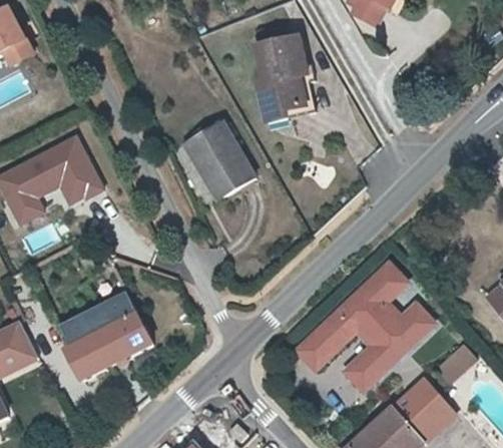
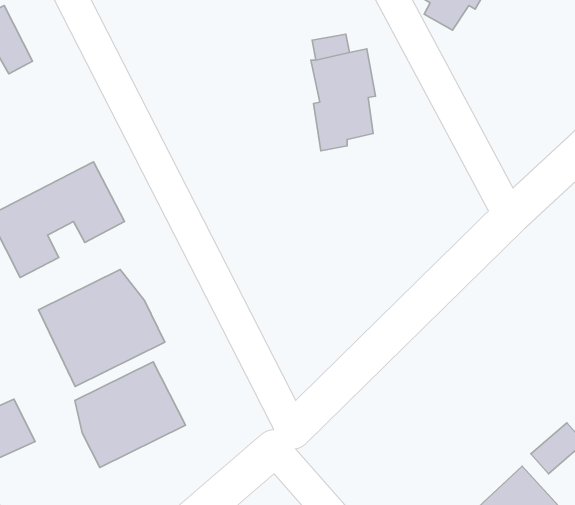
building: [185,121,254,195] -> none
building: none -> [38,269,165,386]
building: [297,265,438,395] -> none

